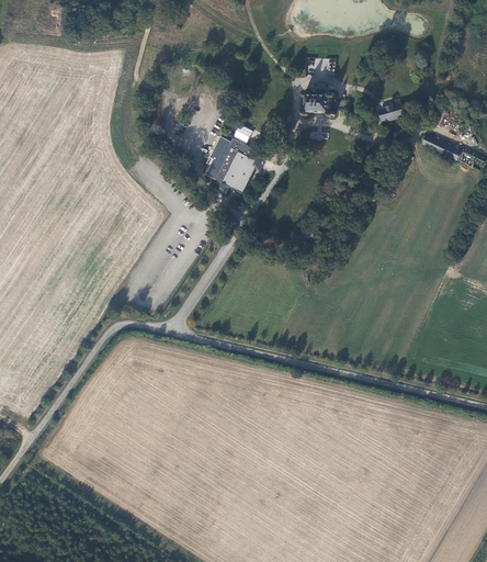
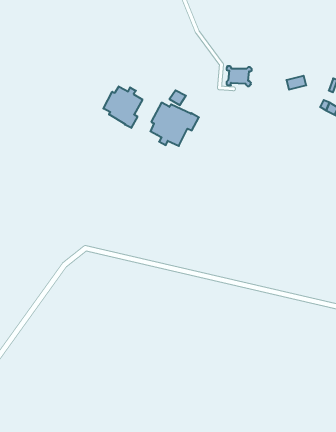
building: none -> [103,86,142,128]

